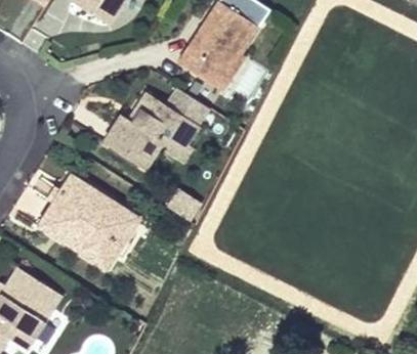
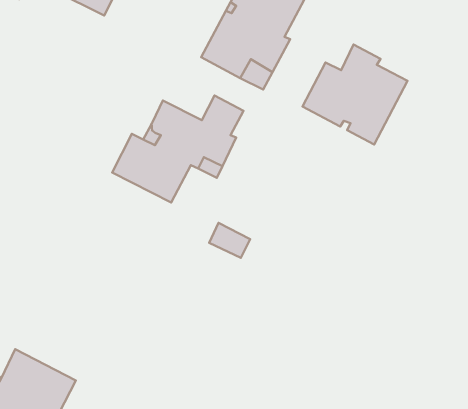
building: none -> [302,45,407,145]
building: [37,172,139,268] -> none

